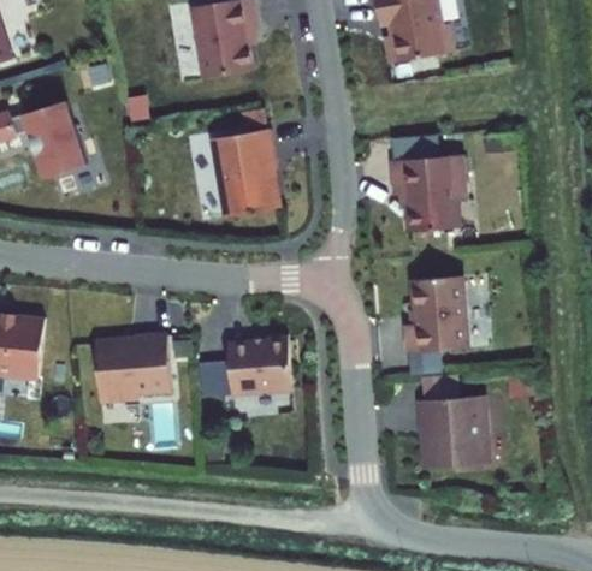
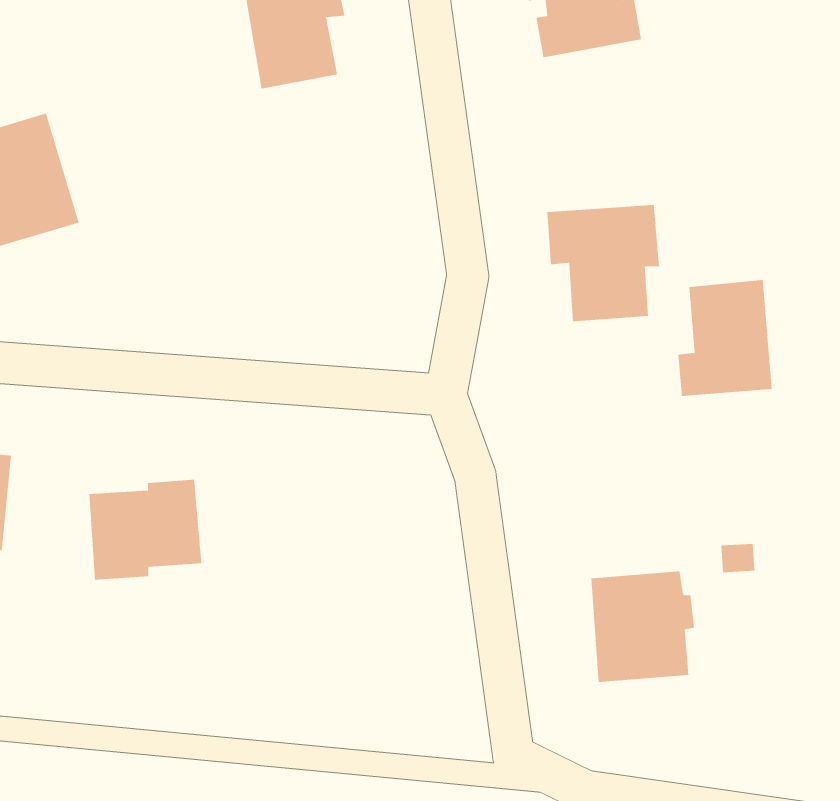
building: [212,126,282,213] -> none
building: [407,270,469,347] -> [677,279,773,397]
building: [194,334,291,400] -> none

